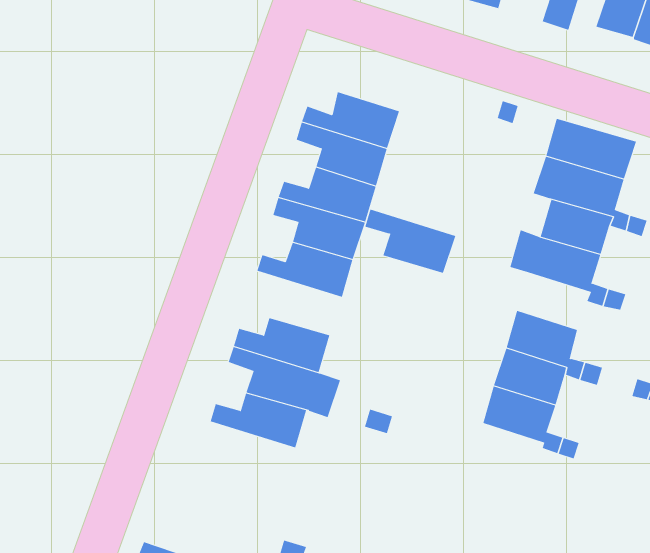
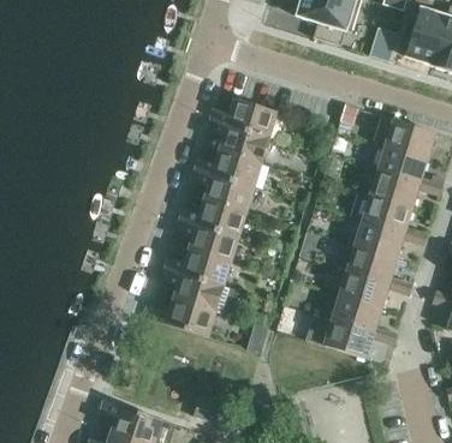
building: [365,209,456,274] -> [177,217,238,261]
building: none -> [355,218,404,257]
building: none -> [323,319,373,358]

